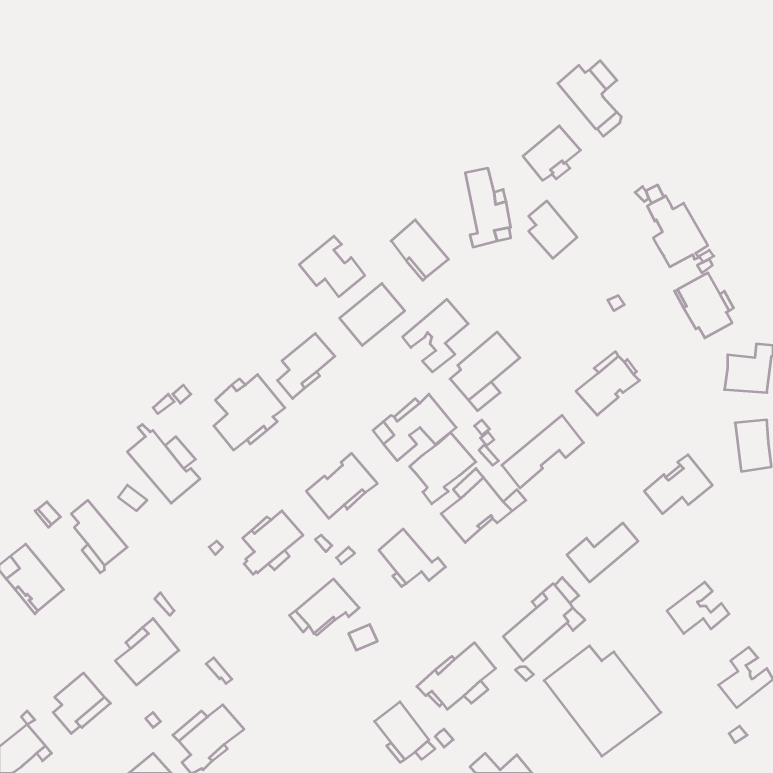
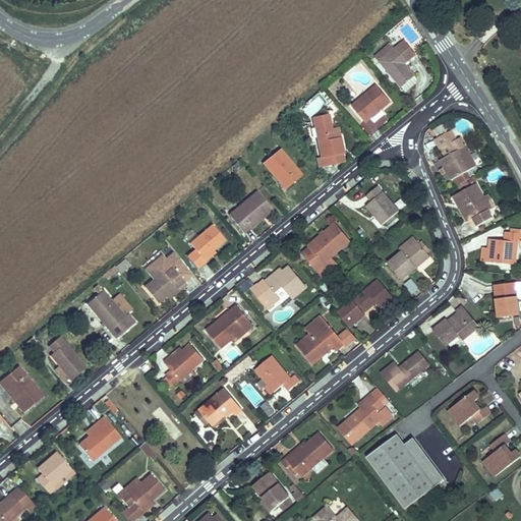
building: [529,201,577,258] -> [365,185,398,224]
building: [299,236,365,297] -> none
building: [403,299,468,372] -> none
building: [410,432,476,504] -> none

